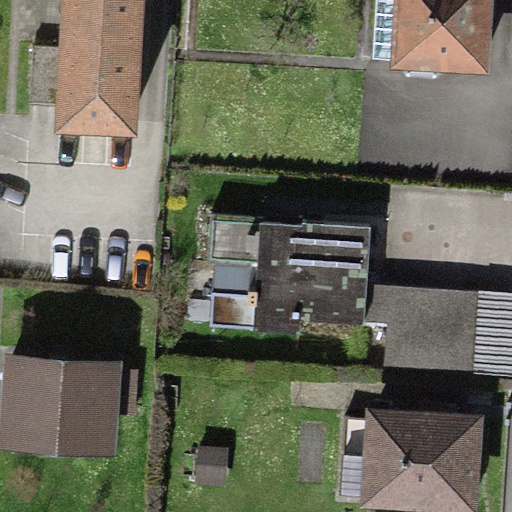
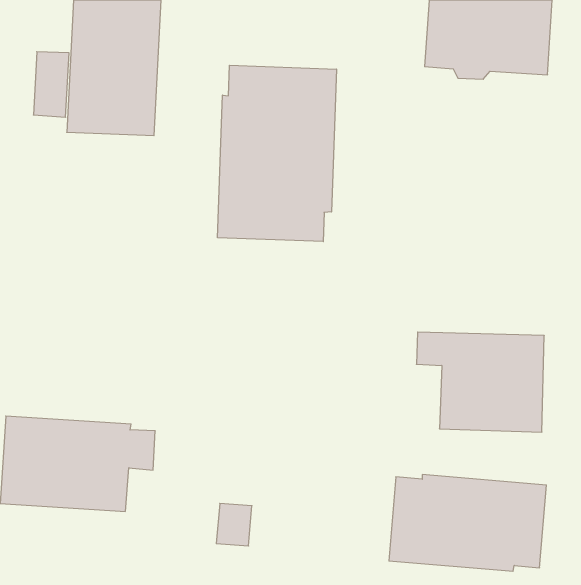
building: none -> [218,65,336,242]
building: [206,217,372,327] -> none

